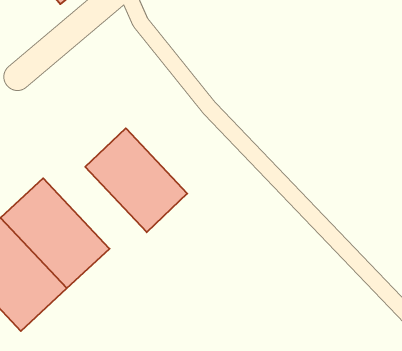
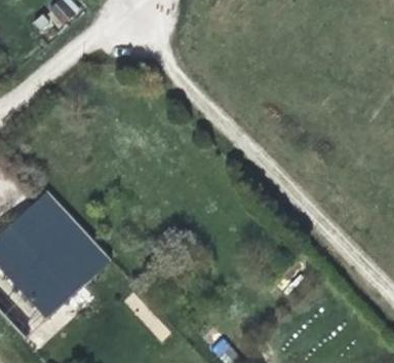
building: [85,128,187,232] -> none

